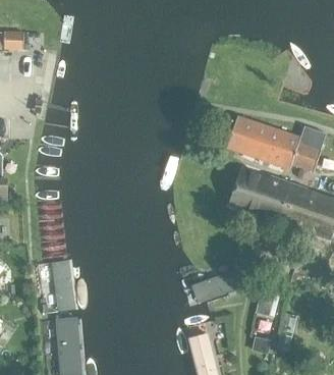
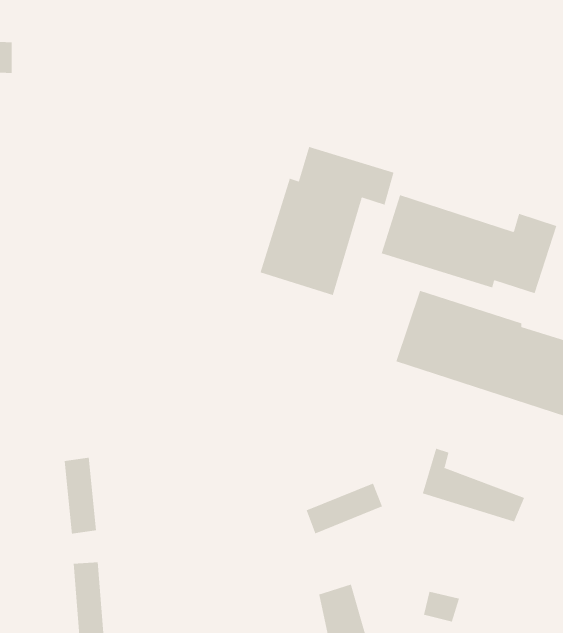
building: none -> [260,146,394,296]
building: none -> [422,448,525,524]

